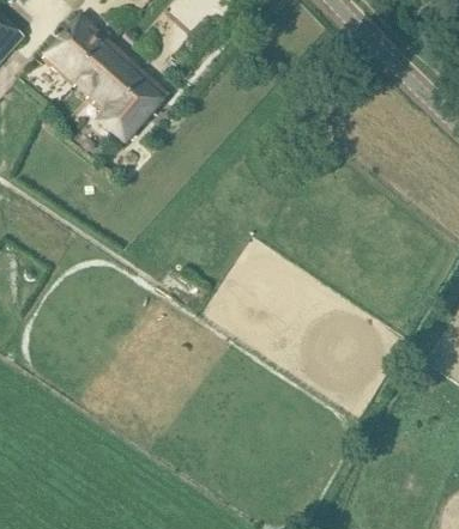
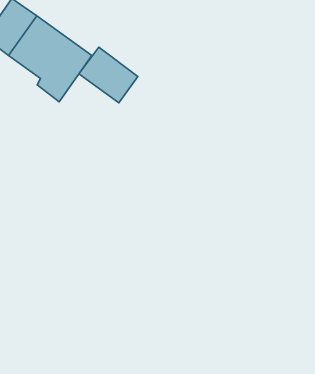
building: none -> [79,47,138,103]

